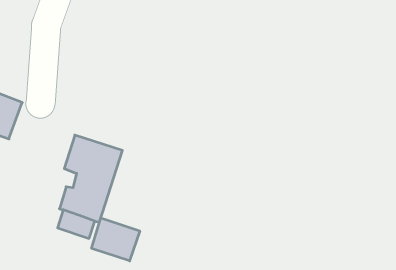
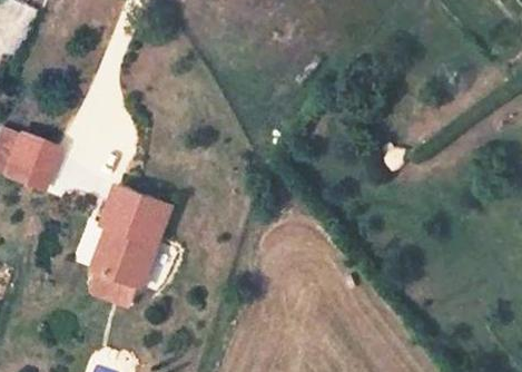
building: [92,218,140,261] -> none

